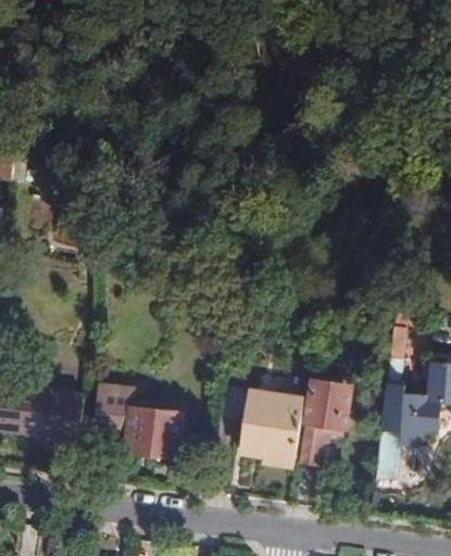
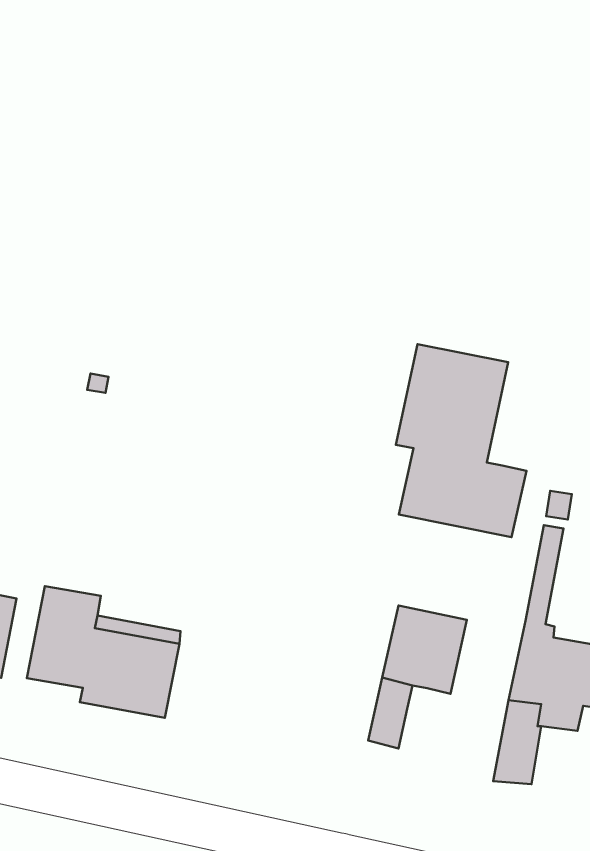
building: none -> [396,344,526,537]
building: [240,390,302,462] -> none

